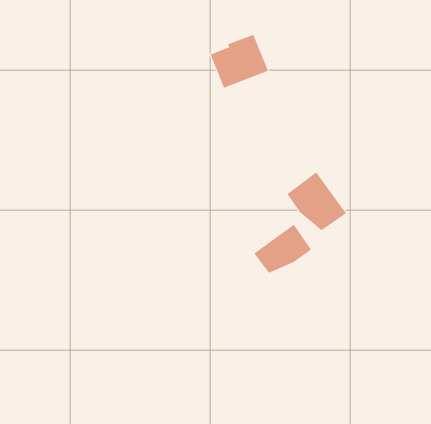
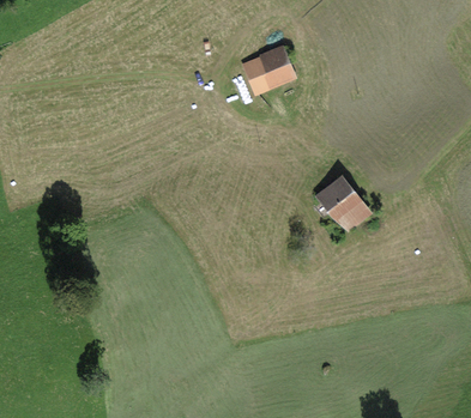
building: [253,224,312,274] -> none

